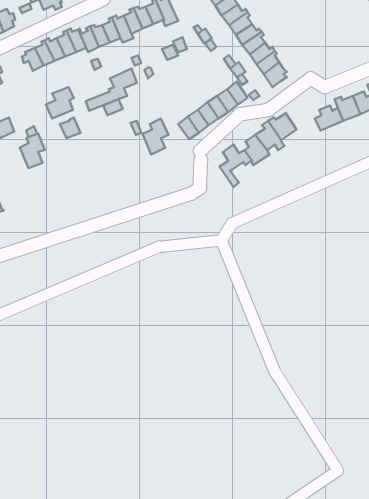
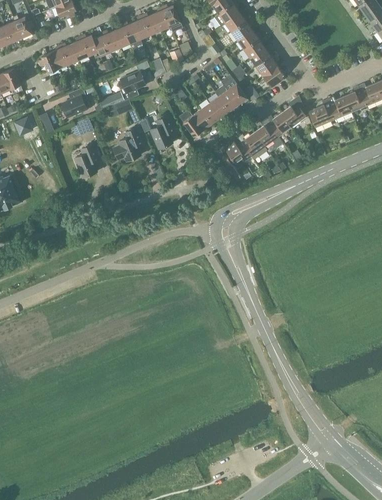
building: none -> [283,96,307,127]
building: none -> [111,129,143,162]
building: [20,133,45,168] -> [76,146,99,178]

